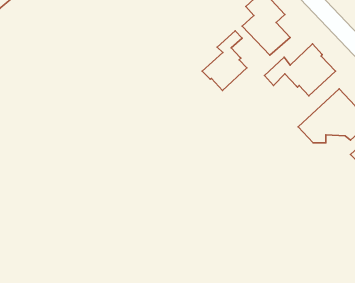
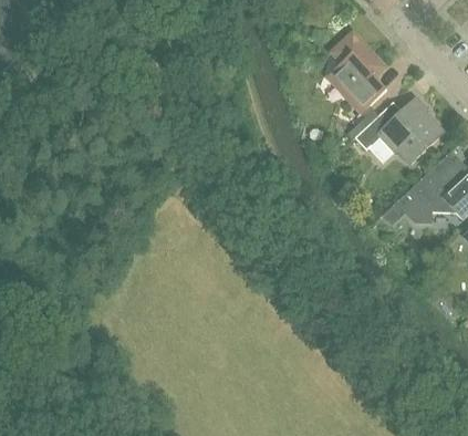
building: [202,31,247,90] -> none

